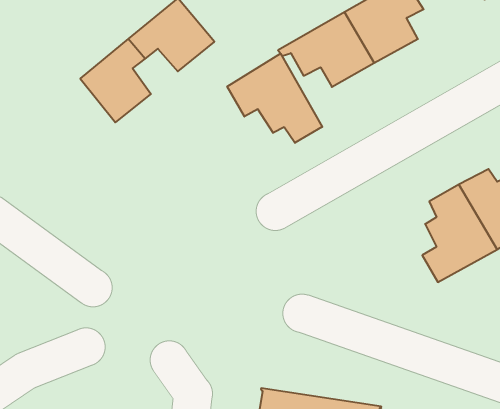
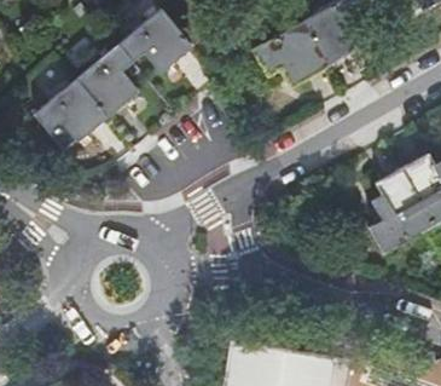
building: [227,54,322,143] -> none
building: none -> [34,76,106,139]

